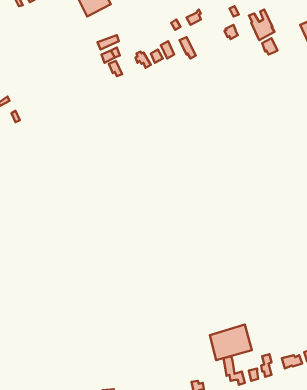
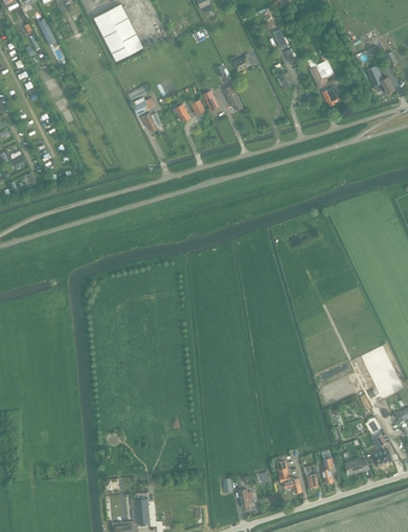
building: [210,325,252,360] -> none

